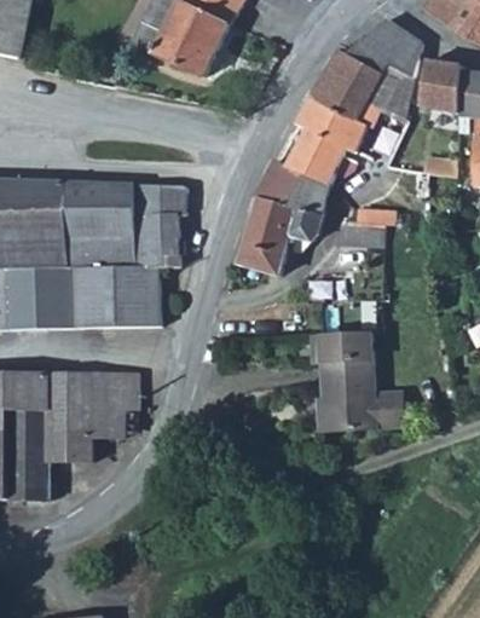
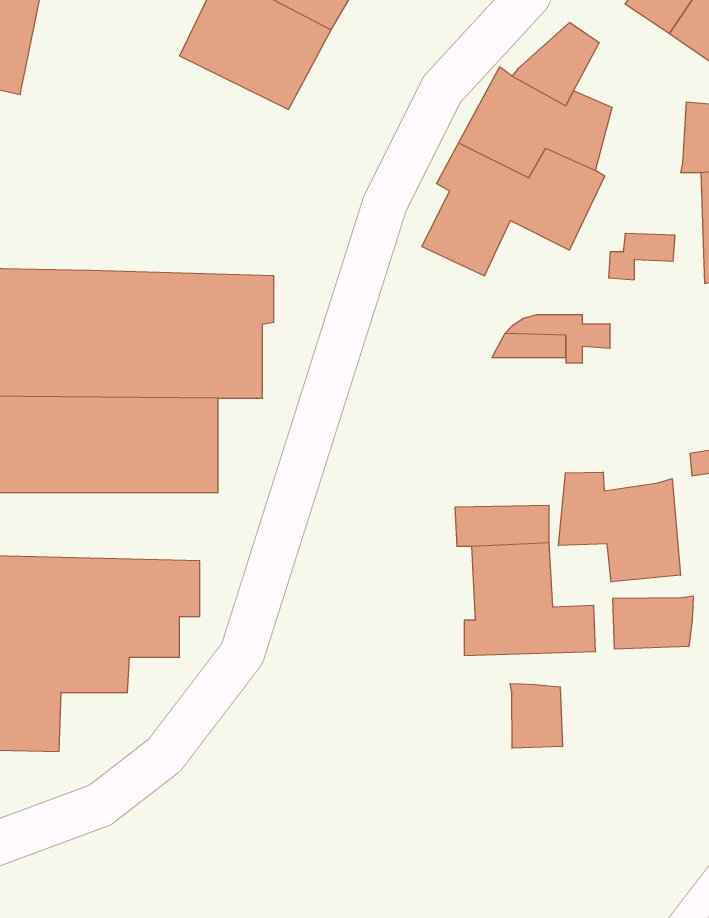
building: [421,59,462,110] -> none
building: [243,160,329,281] -> none
building: none -> [558,472,681,582]
building: none -> [613,596,693,649]
building: none -> [510,684,562,748]

